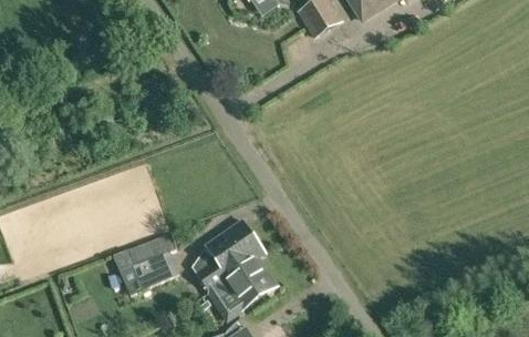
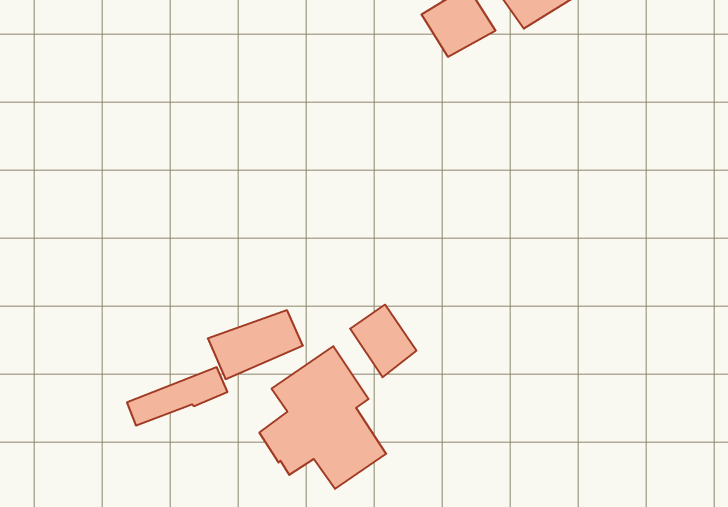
building: none -> [350,305,416,377]
building: [120,252,179,295] -> [208,310,303,379]

